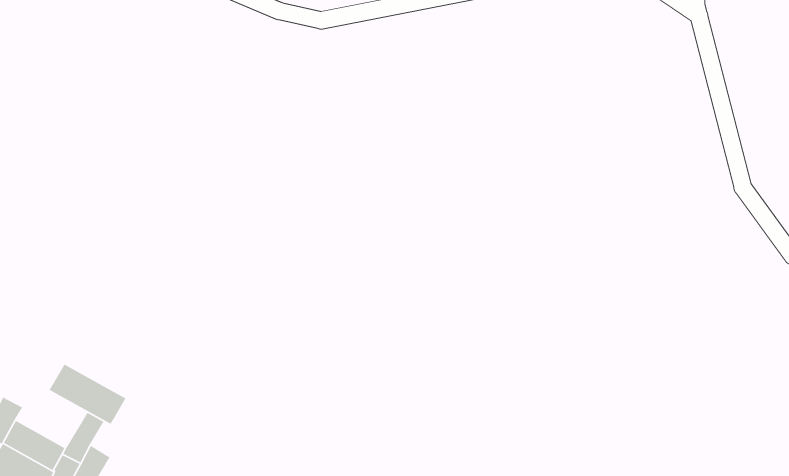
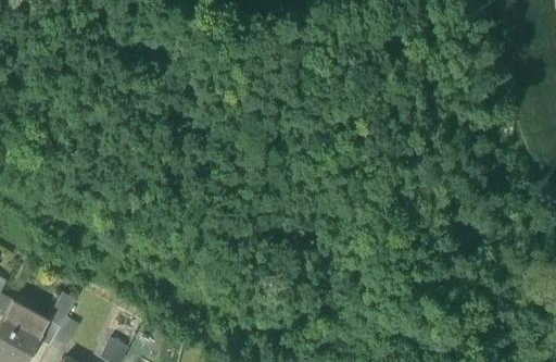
building: [48,363,127,425] -> none

